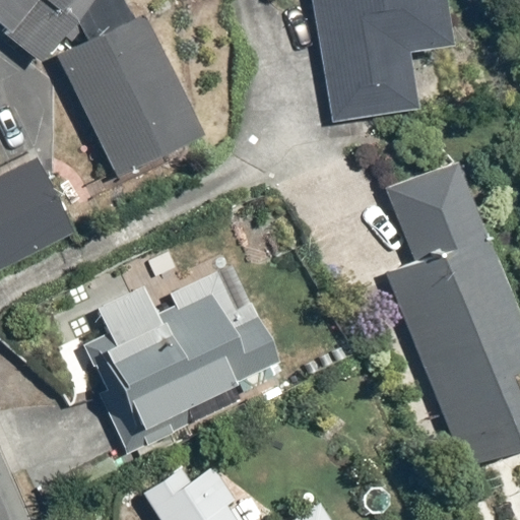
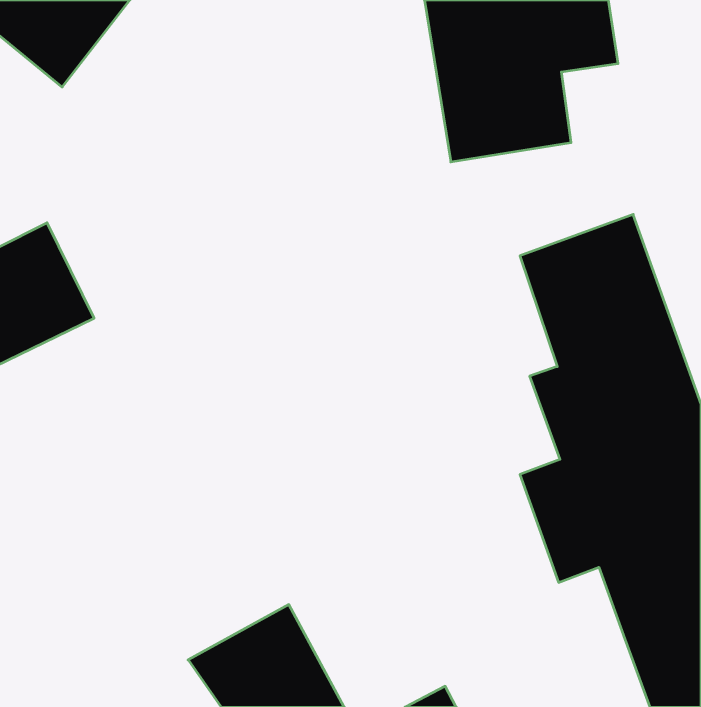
building: [62,16,204,173] -> none
building: [99,289,283,436] -> none

